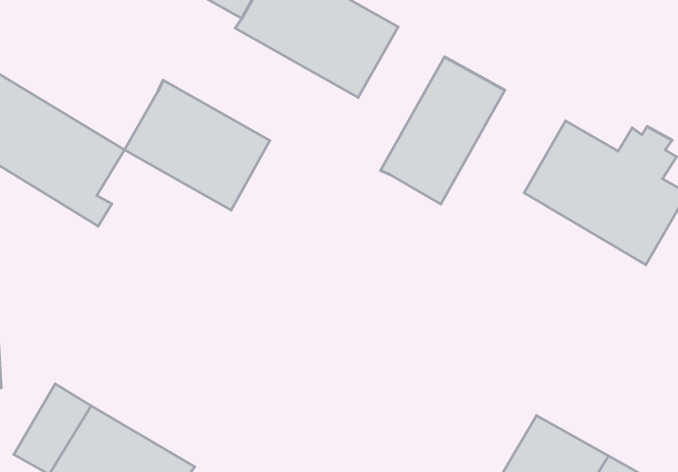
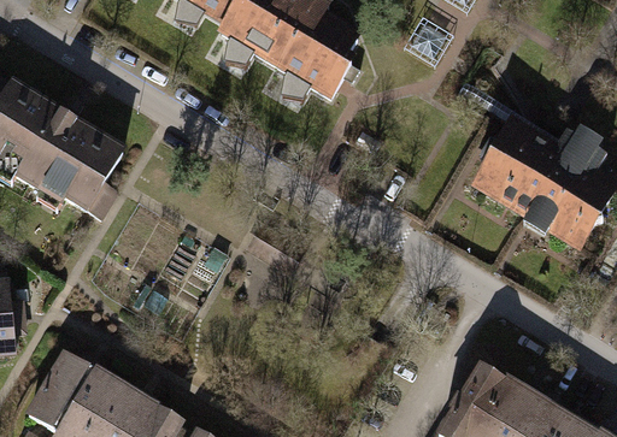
building: [381,57,505,204] -> none
building: [124,80,270,210] -> none

